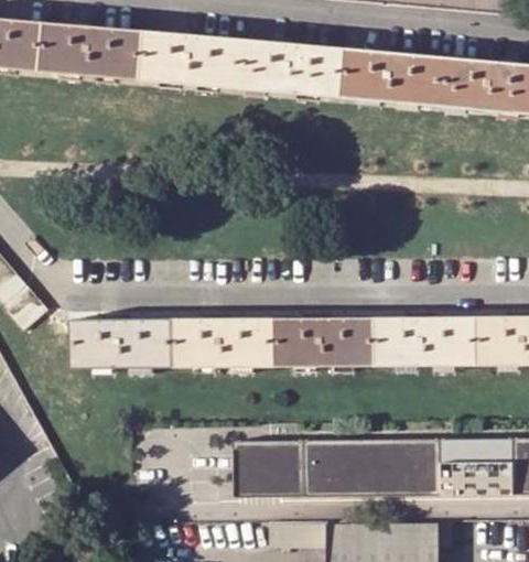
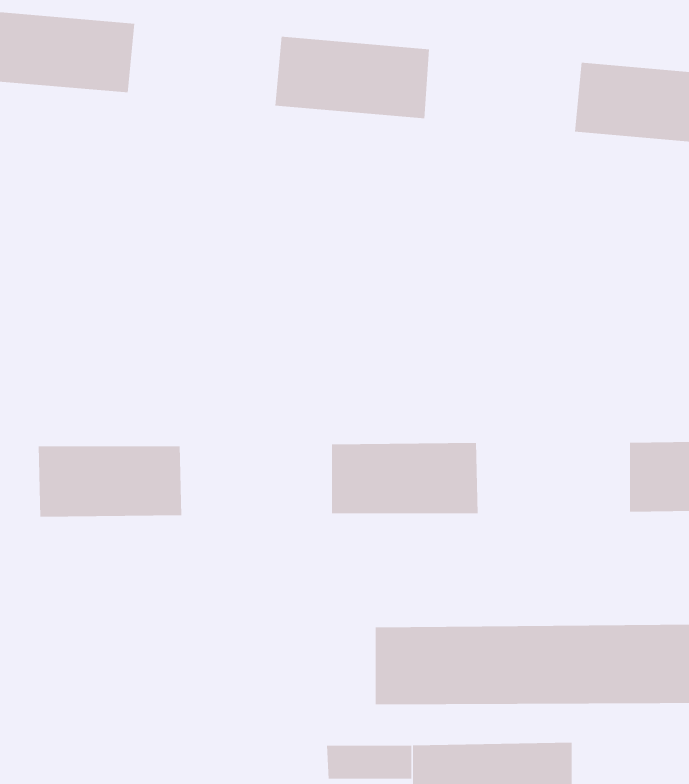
building: [138,31,241,87] -> none
building: [339,48,445,105] -> none
building: [375,316,478,365] -> none
building: [173,317,276,366] -> none
building: [235,442,305,495] -> none

